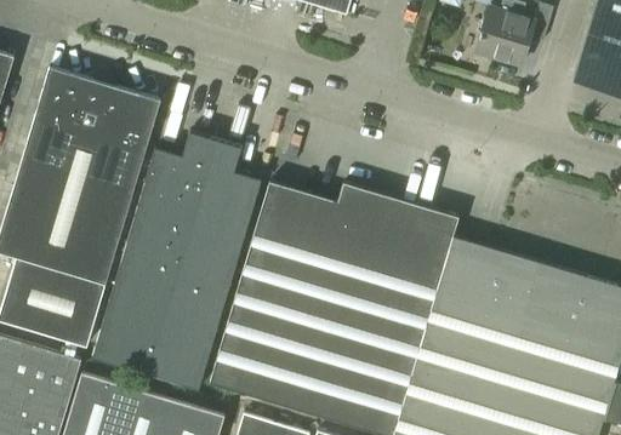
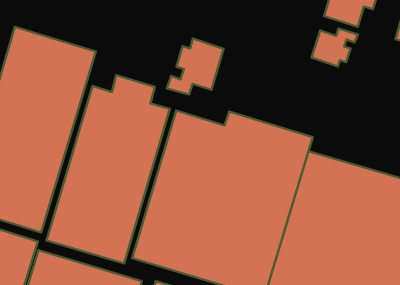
building: none -> [312,29,358,67]
building: none -> [167,39,224,95]

